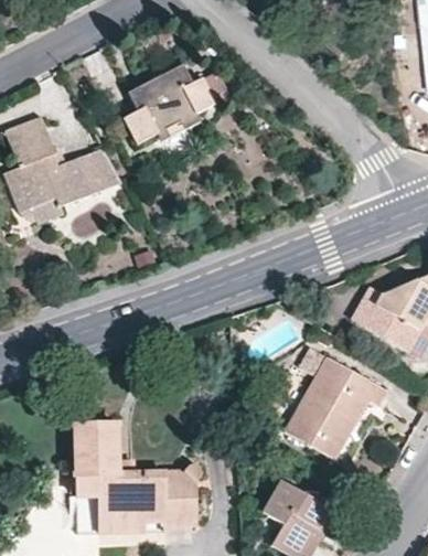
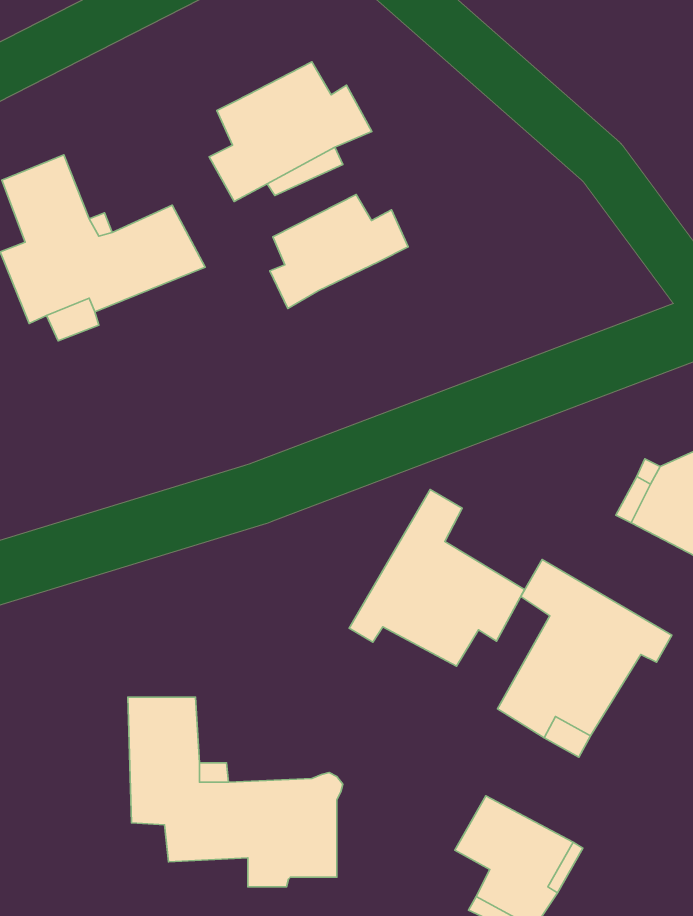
building: none -> [270,194,408,309]
building: none -> [349,489,525,666]
building: [78,496,145,534] -> none

